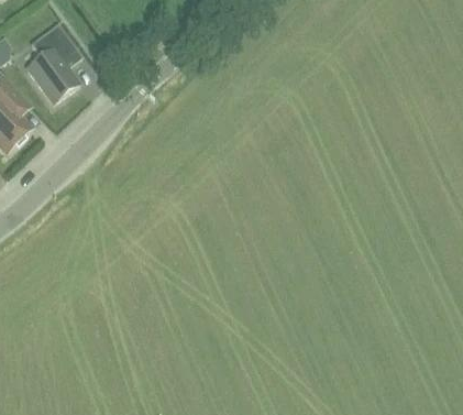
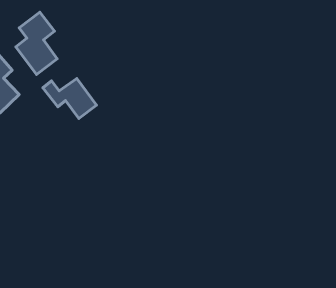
building: none -> [43,78,97,118]

